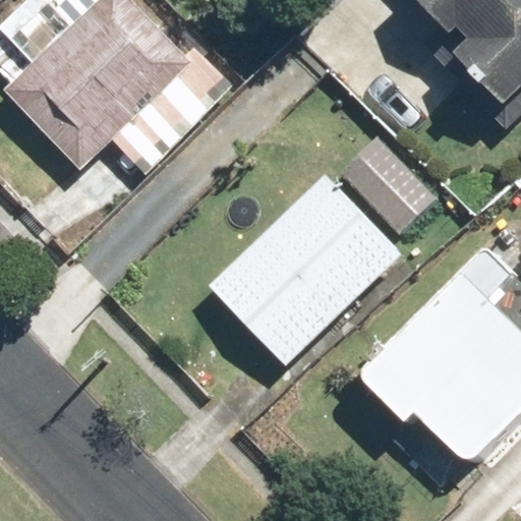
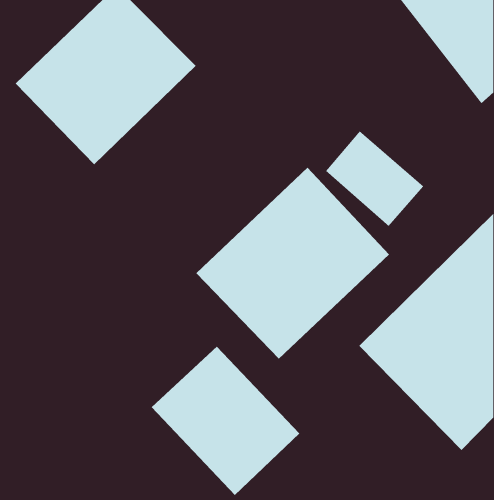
building: none -> [151,346,300,496]

